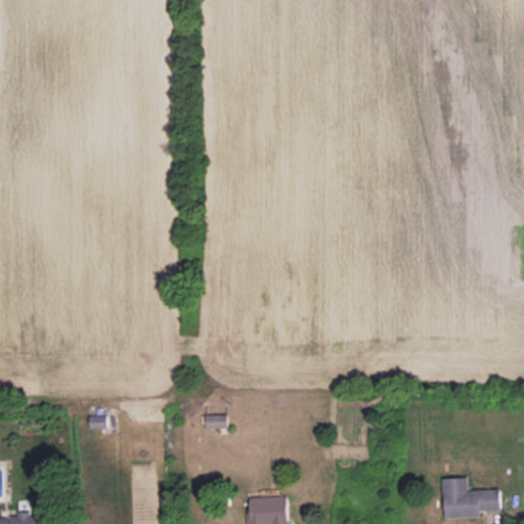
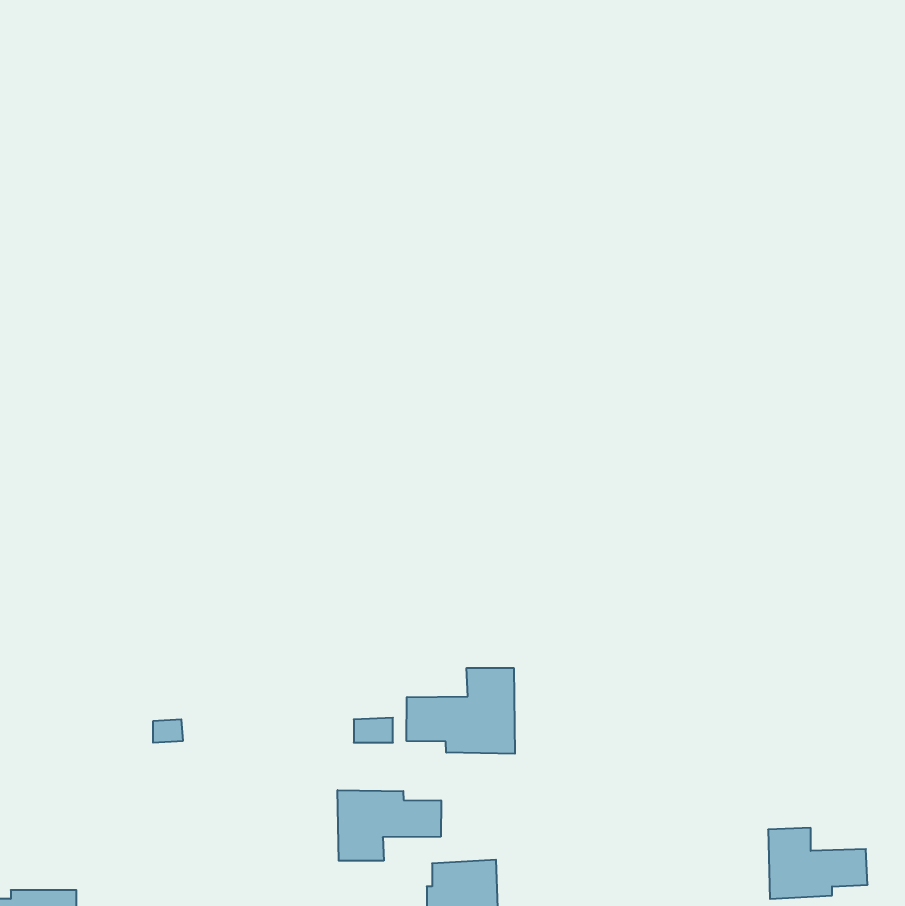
building: none -> [407,668,515,754]
building: none -> [338,790,441,861]

